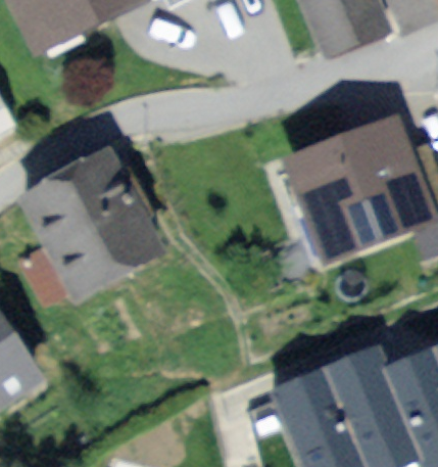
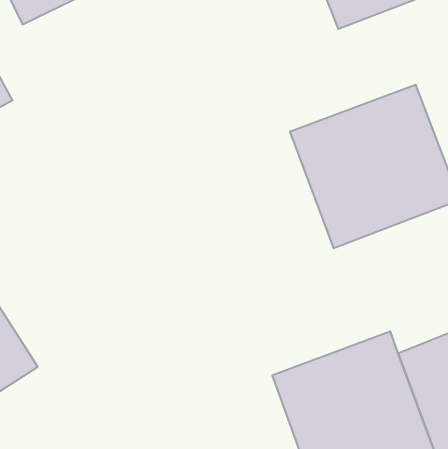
building: [18,147,167,297] -> none

